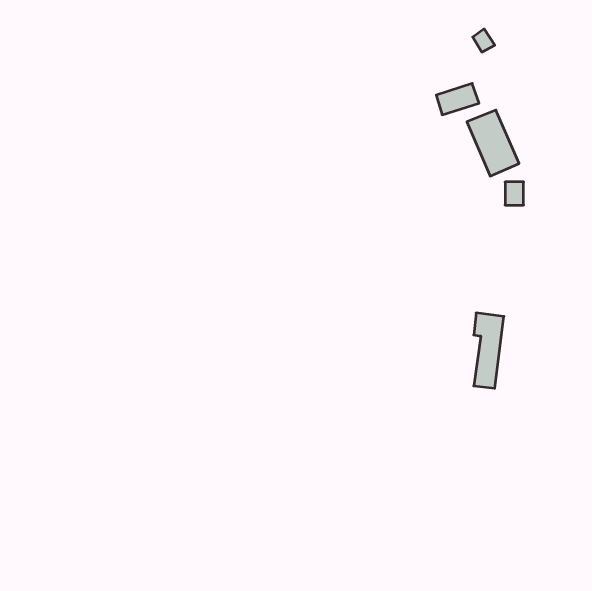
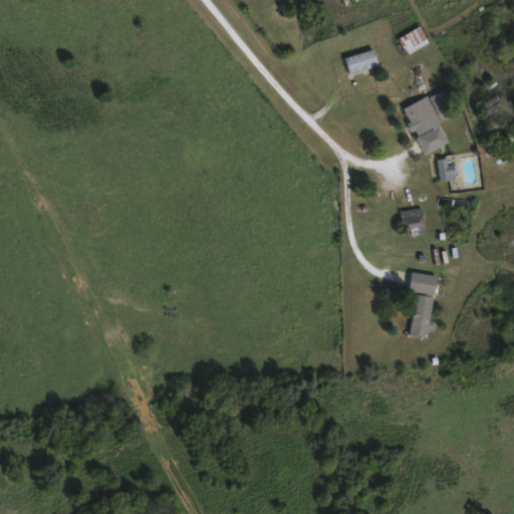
building: [436,83,479,115] -> [343,48,380,75]
building: none -> [402,209,424,229]

